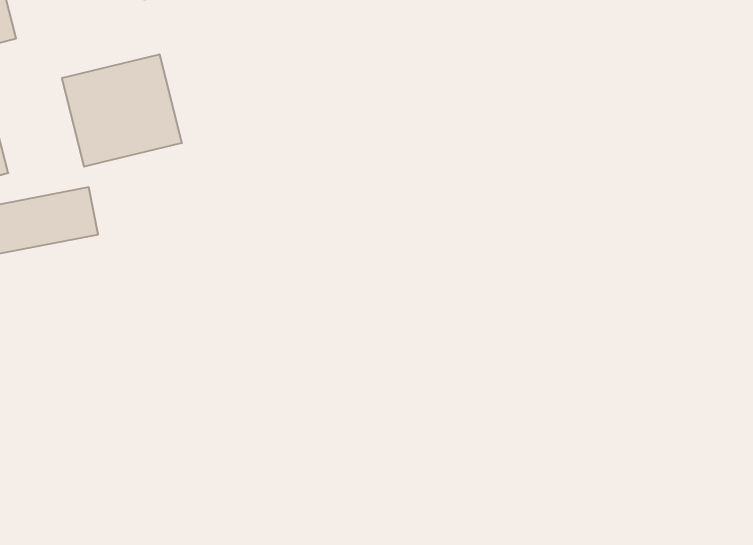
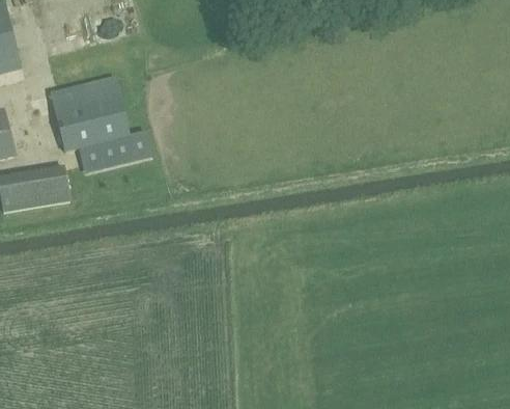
building: none -> [77,131,151,173]

